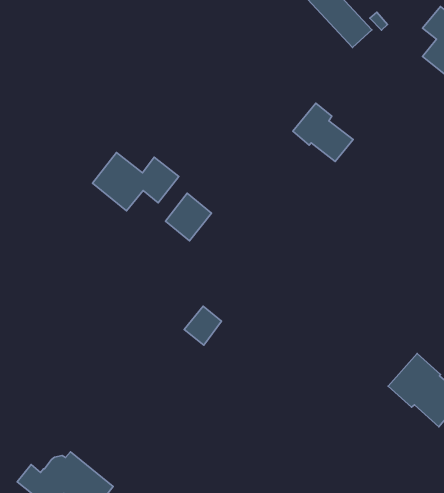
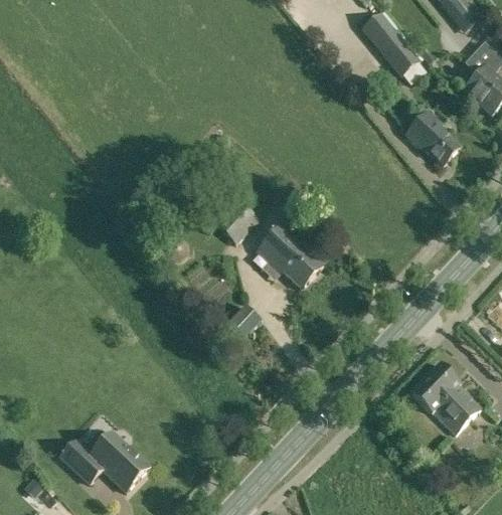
building: [293,103,353,162] -> [404,110,460,165]
building: [92,153,179,211] -> none
building: none -> [256,221,322,288]

